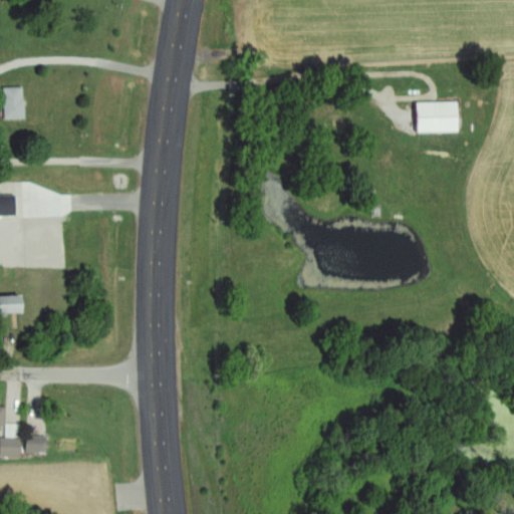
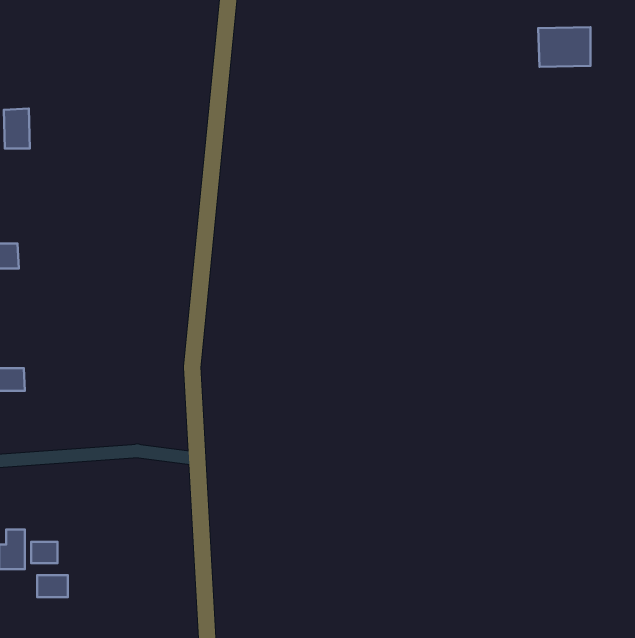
building: [415,101,457,134] -> [538,27,591,67]
building: none -> [37,575,68,597]

